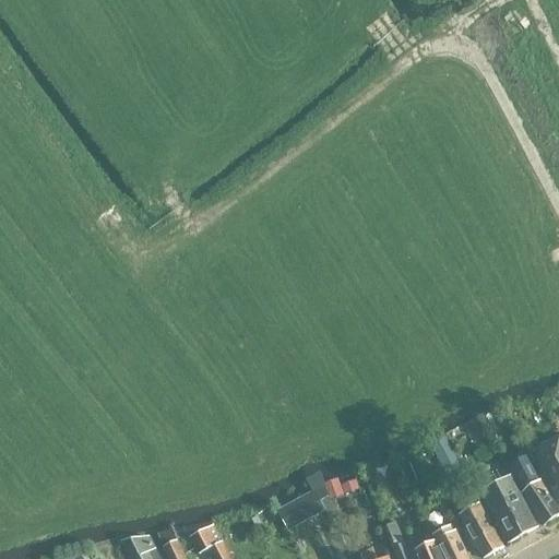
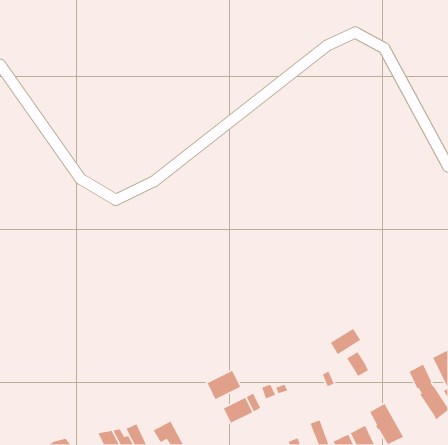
building: none -> [330,328,361,355]
building: none -> [206,370,241,400]
building: [480,476,536,542] -> none

